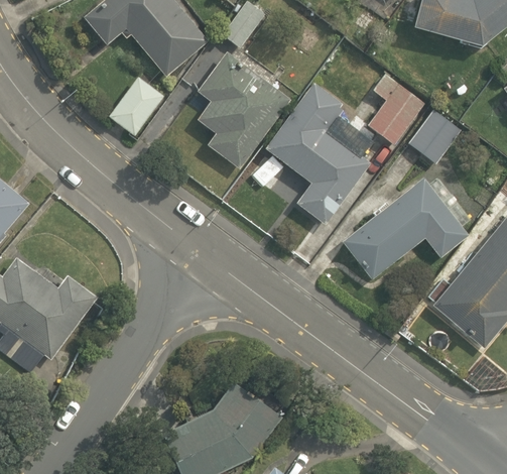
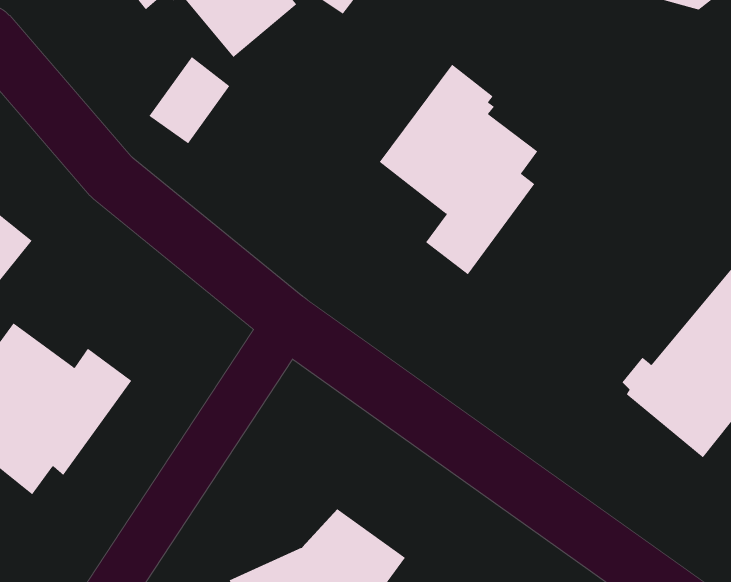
building: [197,50,291,168] -> none
building: [368,83,425,145] -> none
building: [408,109,462,163] -> none
building: [342,176,471,278] -> none

